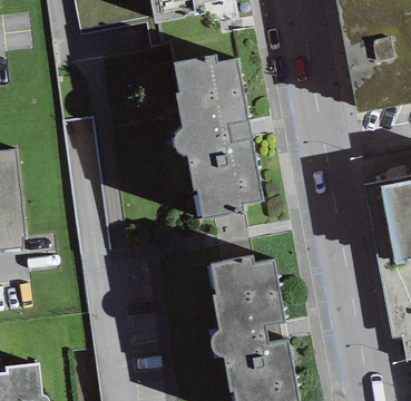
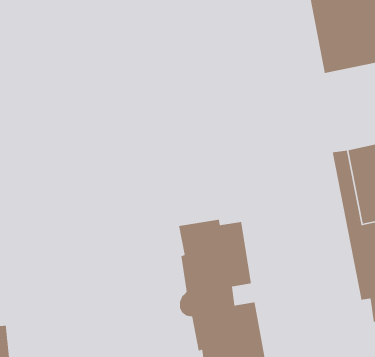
building: [174,55,262,217] -> none

